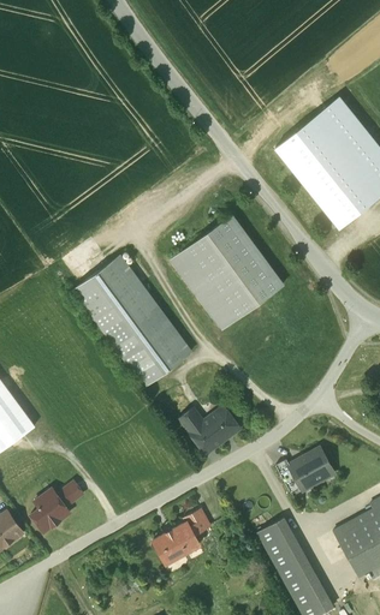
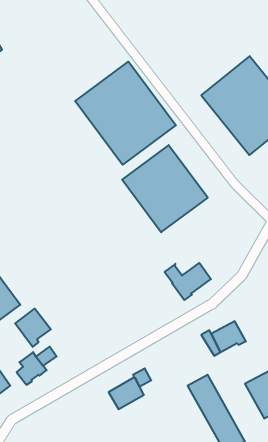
building: none -> [75,62,176,165]
building: [73,256,191,387] -> none
building: [179,407,241,456] -> [165,263,211,300]
building: none -> [15,309,51,347]

